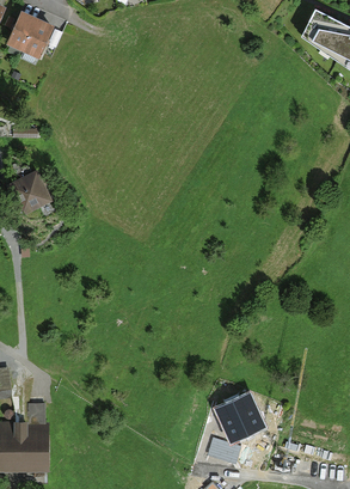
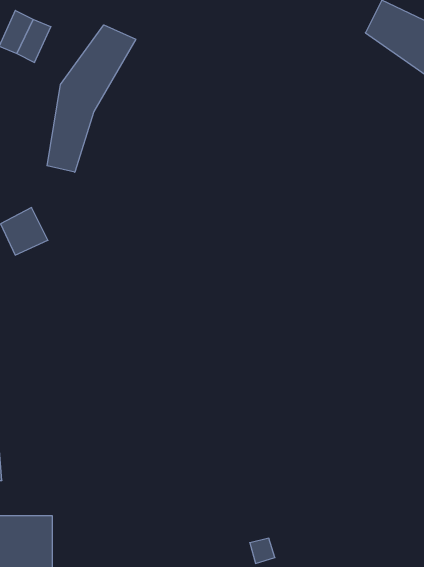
building: none -> [47,25,136,172]
building: [220,396,265,440] -> none

